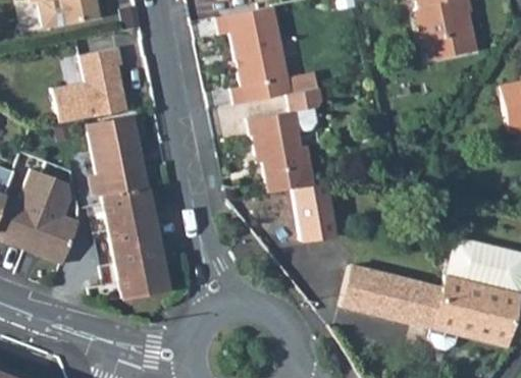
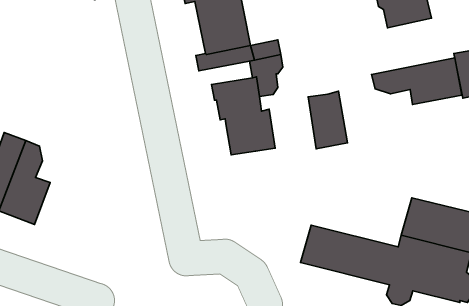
building: [52,47,126,123] -> none
building: none -> [372,58,462,104]
building: [88,115,167,298] -> none
building: [294,181,334,241] -> [308,91,347,149]

